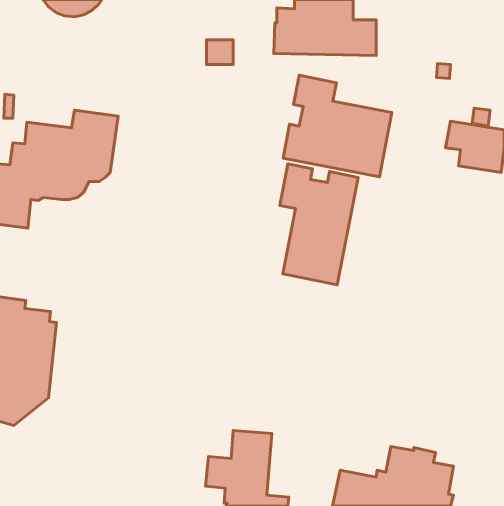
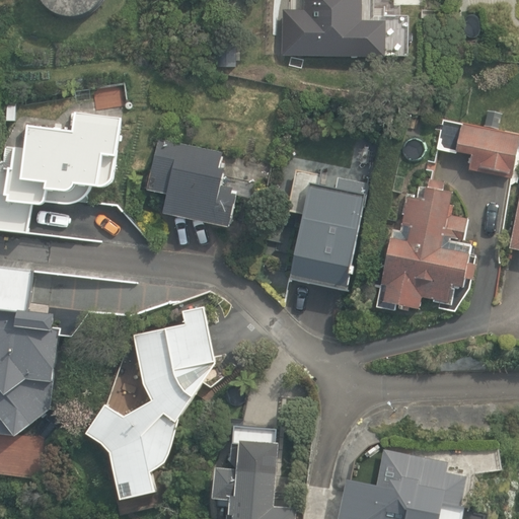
building: [283,75,392,177] -> none
building: none -> [146,137,235,226]
building: none -> [381,177,475,307]
building: none -> [85,305,214,500]

